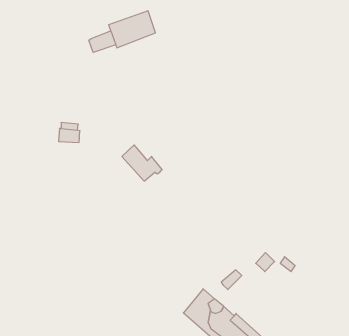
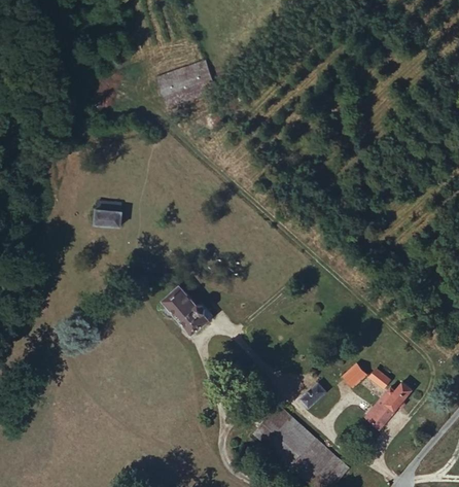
building: [89,31,116,52] -> none
building: [122,145,162,181] -> [164,286,214,332]
building: none -> [368,380,412,429]

